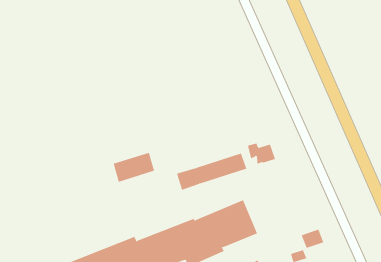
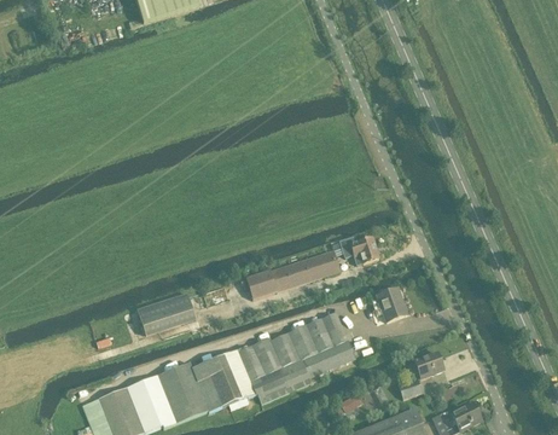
building: [113,152,155,182] -> [138,292,194,334]
building: none -> [371,288,407,321]

